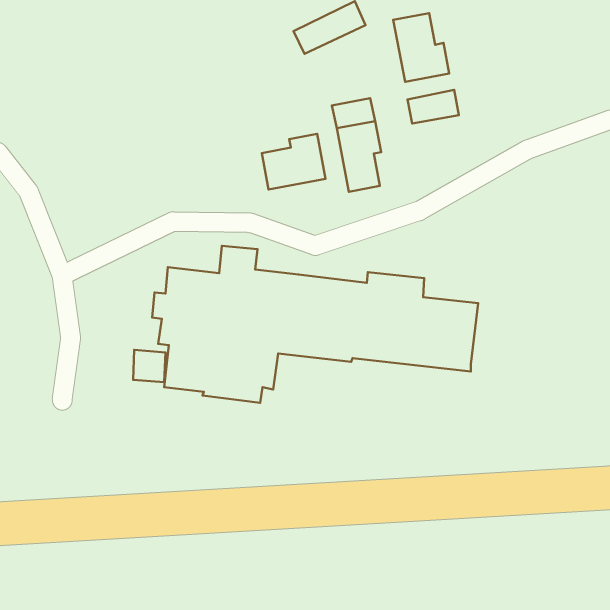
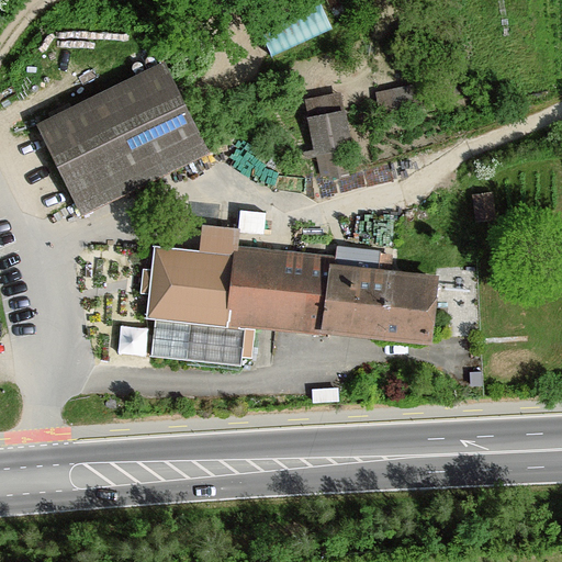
building: [393,13,449,82] -> none
building: none -> [42,64,205,210]
building: [262,134,326,190] -> none

